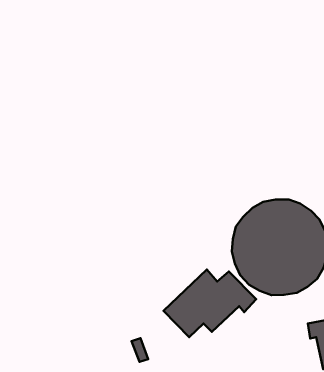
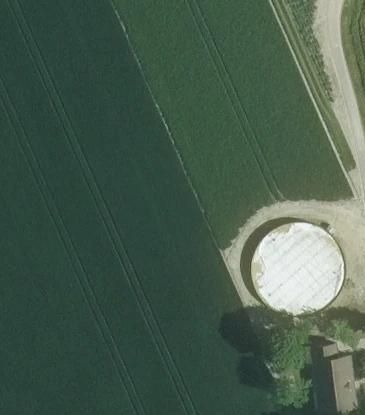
building: [164,270,256,337] -> none

